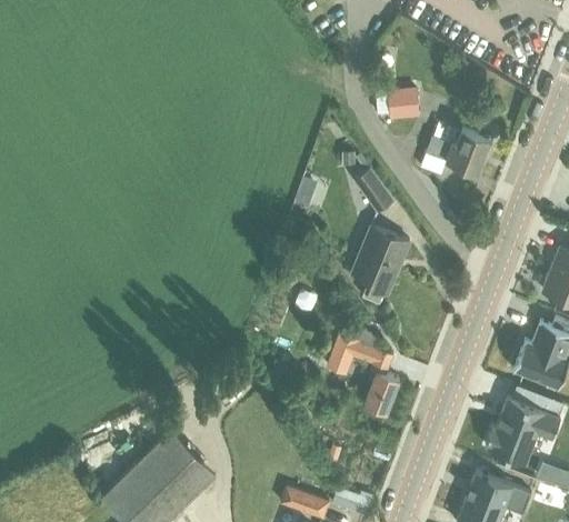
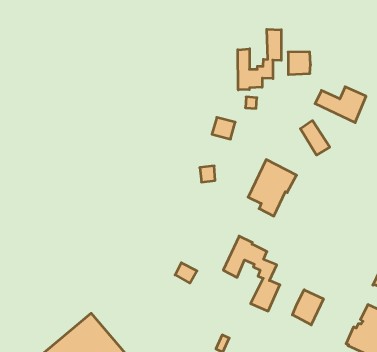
building: none -> [238,29,281,90]
building: [356,170,393,212] -> [300,121,330,155]
building: none -> [292,290,323,325]

